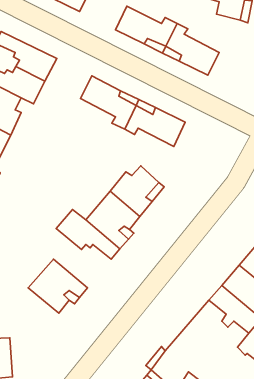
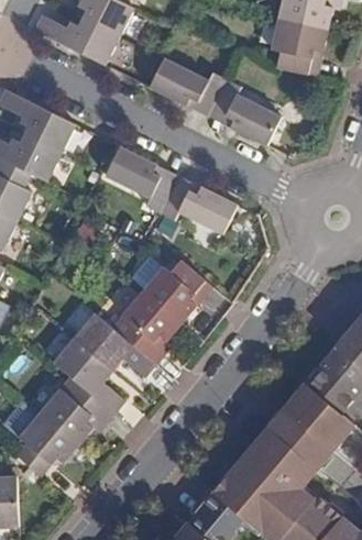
building: none -> [54,339,124,414]
building: none -> [14,414,77,476]

